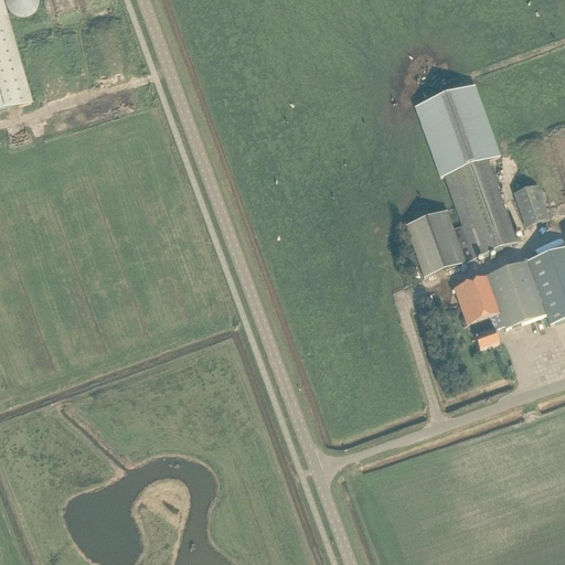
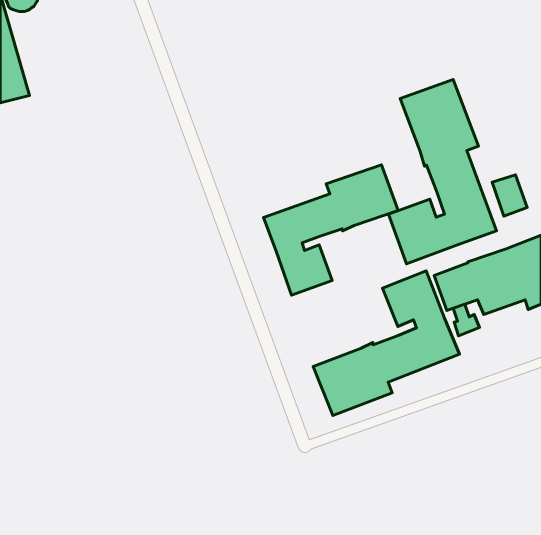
building: none -> [264,165,398,295]
building: none -> [313,271,459,416]

